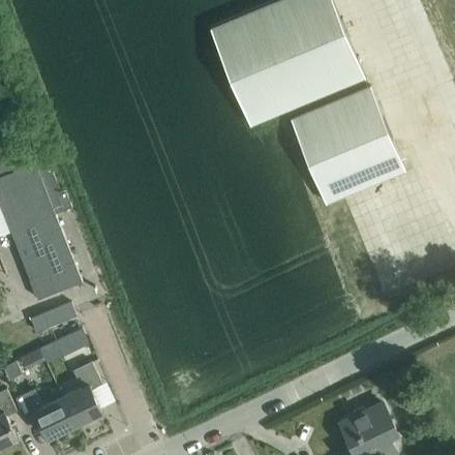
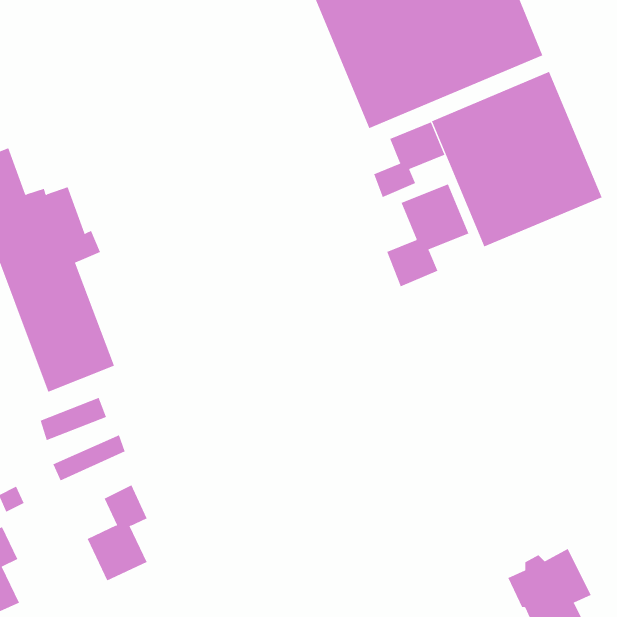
building: none -> [374,122,445,198]
building: none -> [387,184,469,287]
building: [16,390,75,439] -> none

